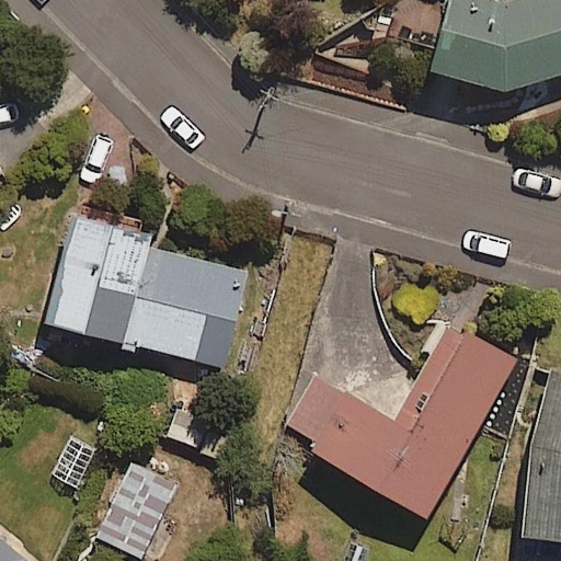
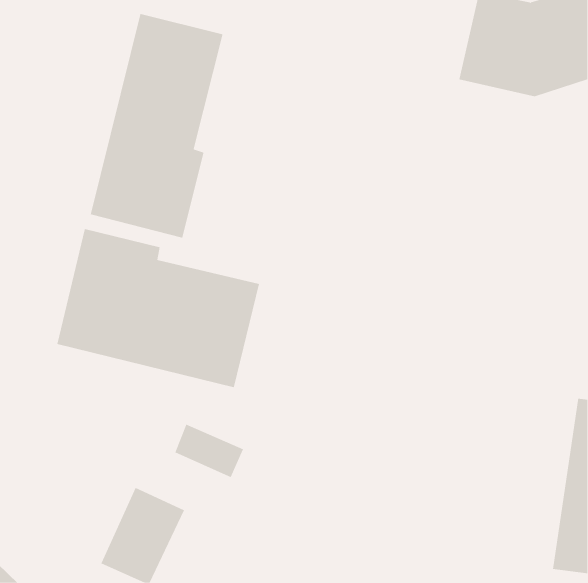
building: none -> [90,13,223,239]
building: [289,319,517,518] -> none

